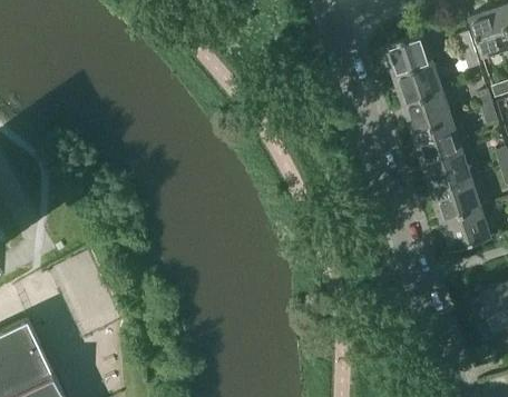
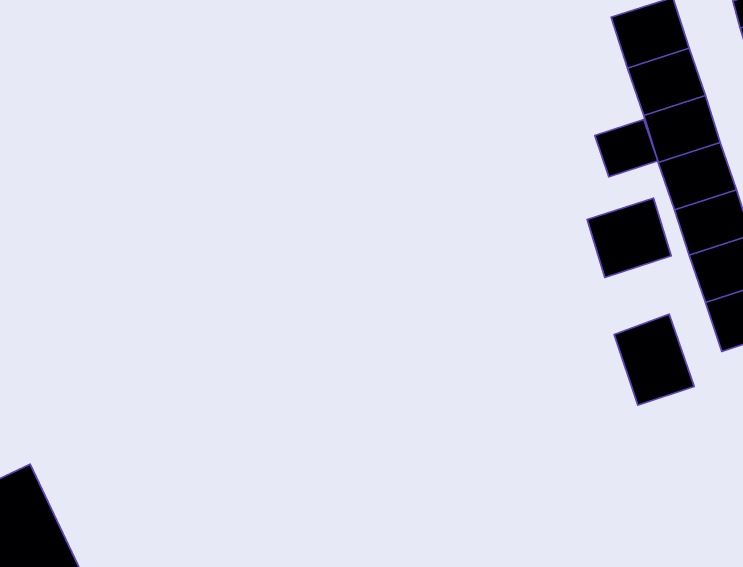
building: none -> [595,120,658,177]
building: none -> [587,198,671,277]
building: none -> [614,314,694,405]

